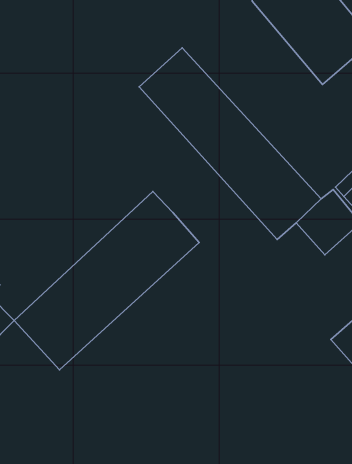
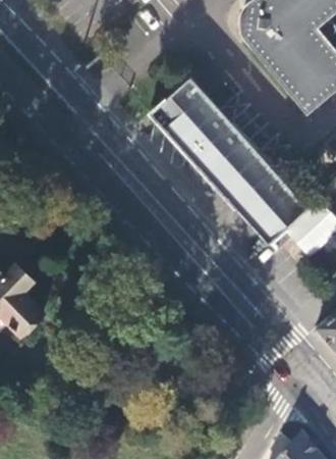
building: [14,192,199,370] -> none

